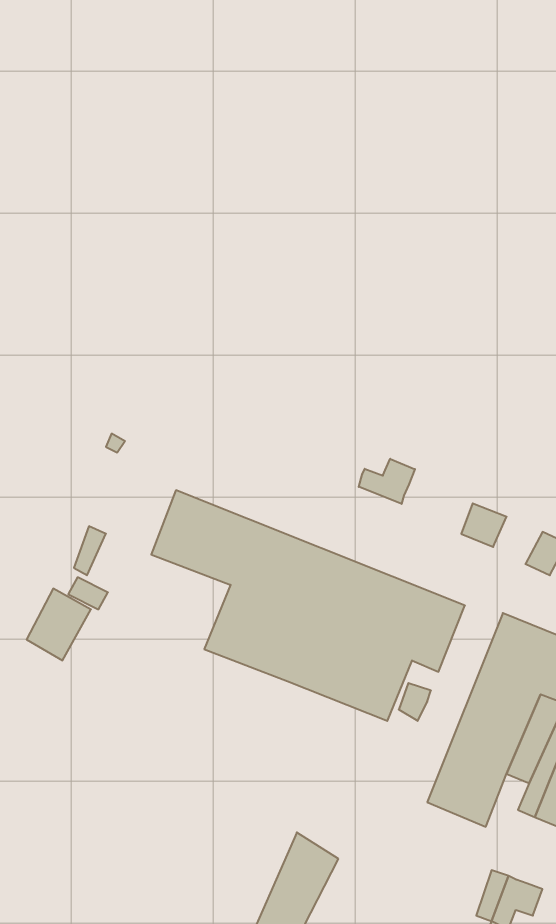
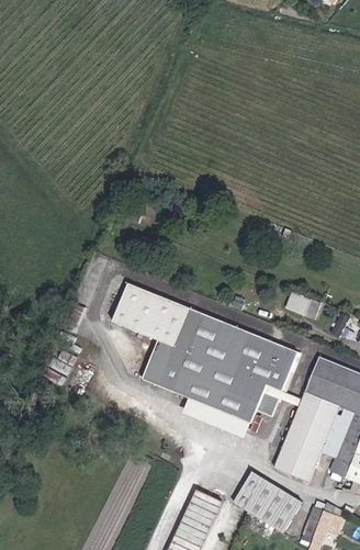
building: [359,459,415,504] -> none
building: none -> [187,396,251,437]
building: none -> [236,472,303,531]

